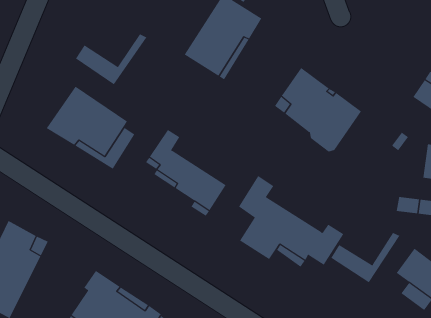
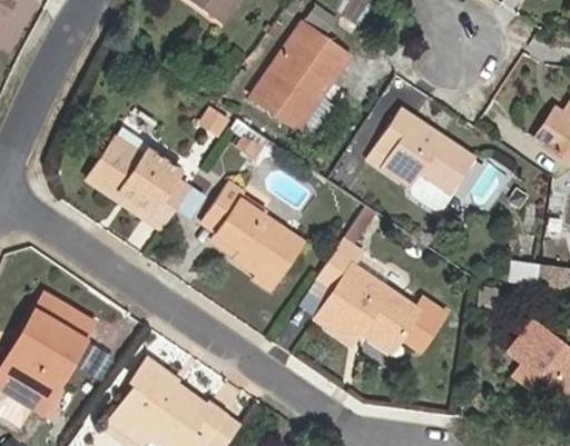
building: [75,34,147,85] -> none
building: [331,232,400,283] -> none

